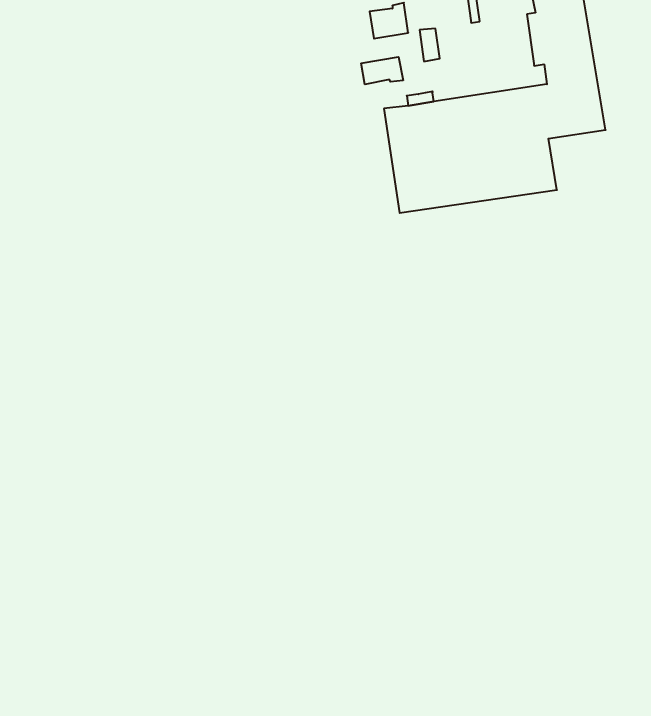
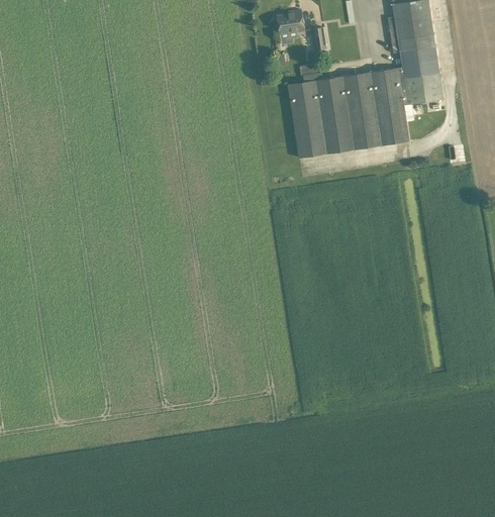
building: [361,57,403,84] -> none

